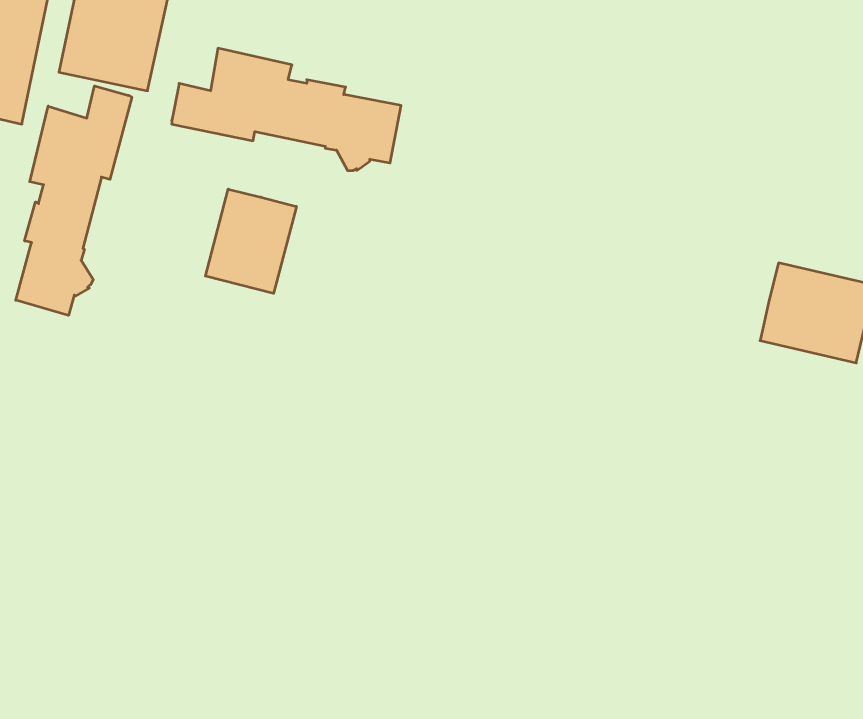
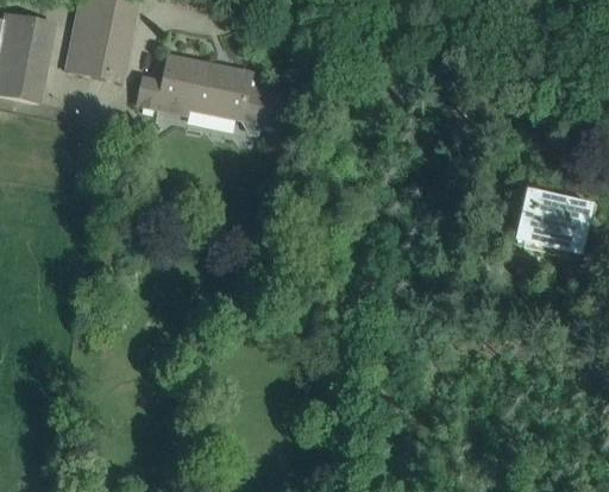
building: [16,86,132,315] -> none
building: [205,189,296,293] -> none

